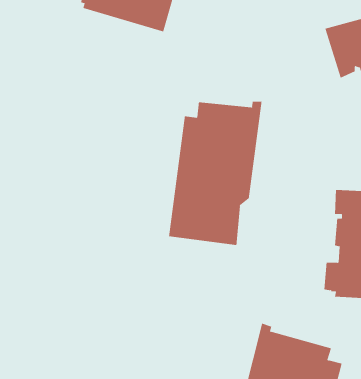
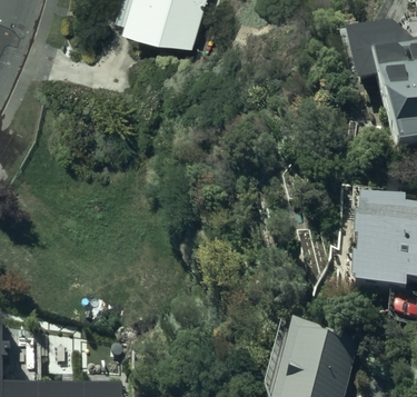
building: [168,101,262,246] -> none

